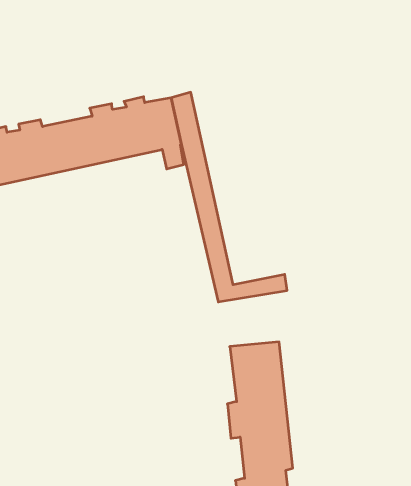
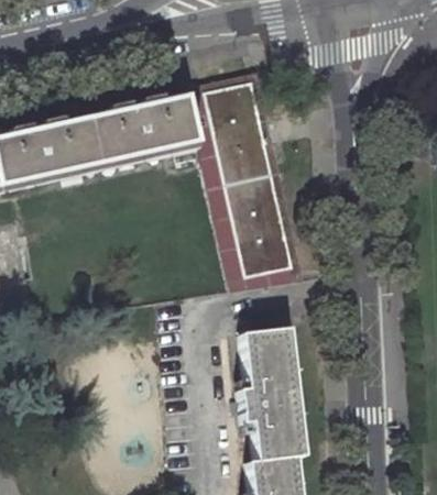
building: none -> [204,81,294,276]

